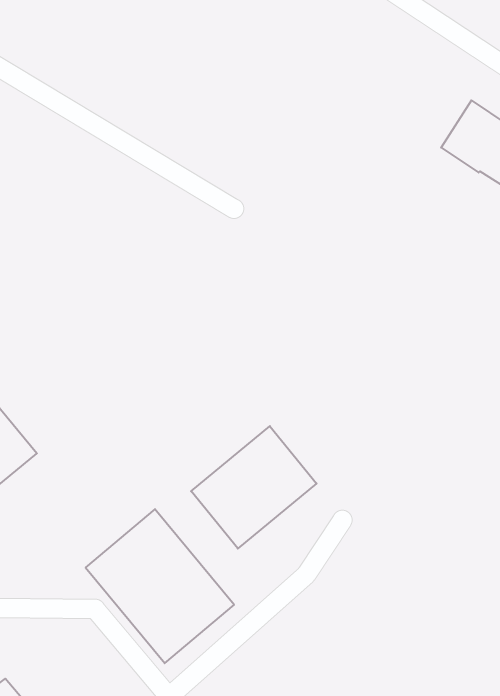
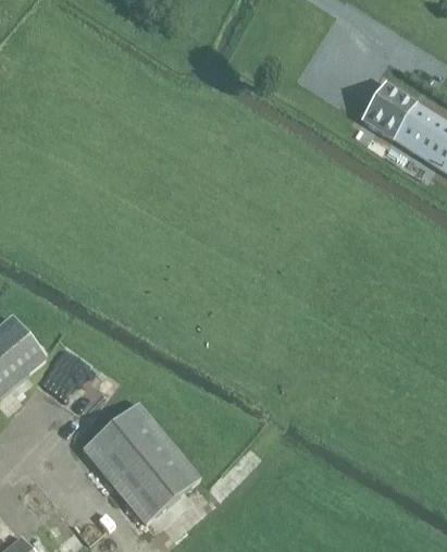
building: [191,426,317,549] -> none

